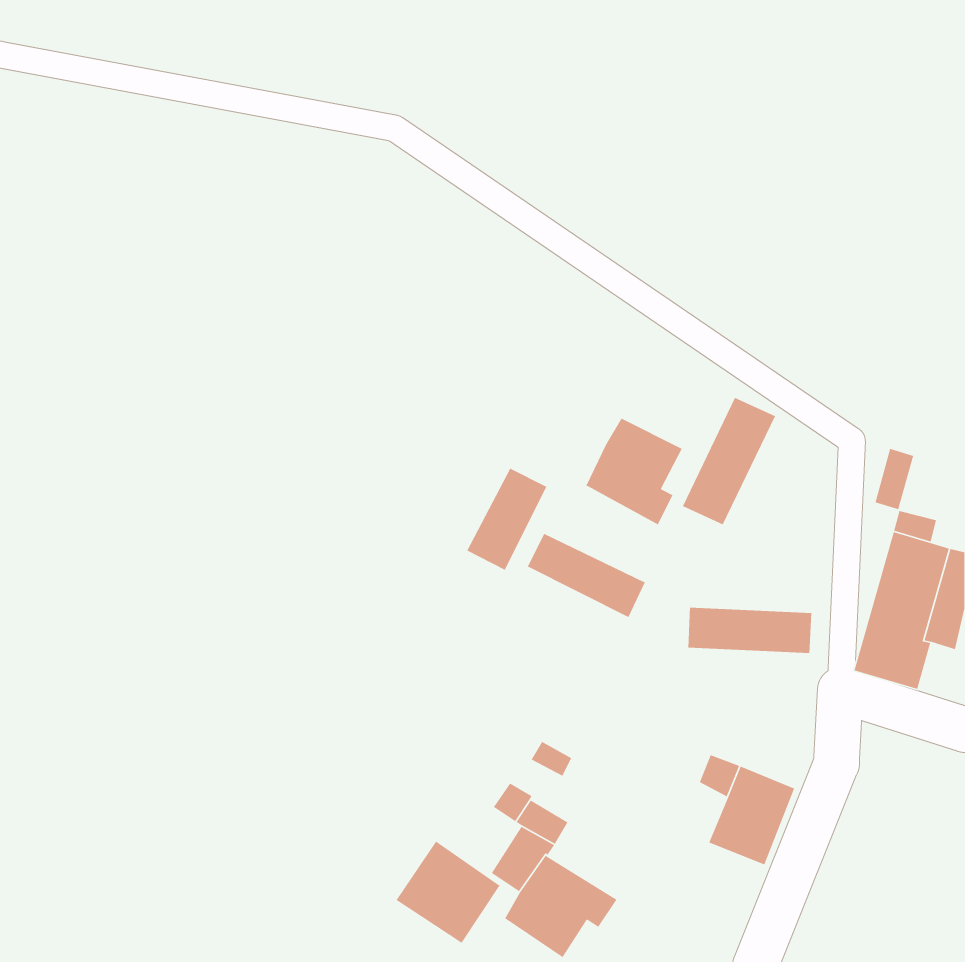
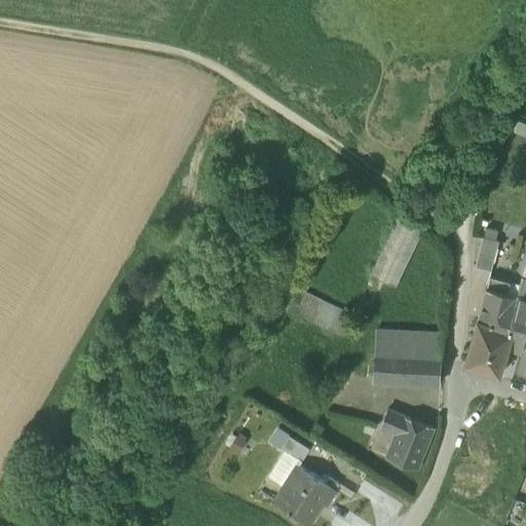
building: [585,417,683,526] -> none
building: [466,468,547,571] -> none
building: none -> [373,354,441,386]
building: [395,841,501,944] -> none

